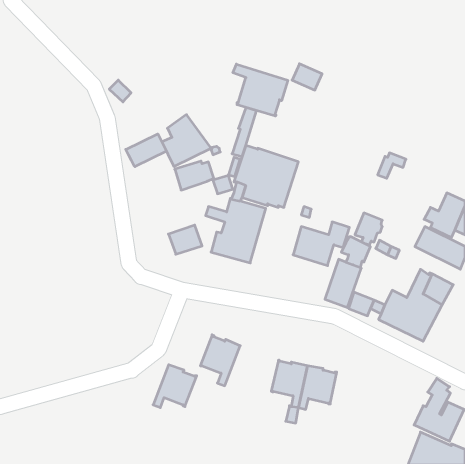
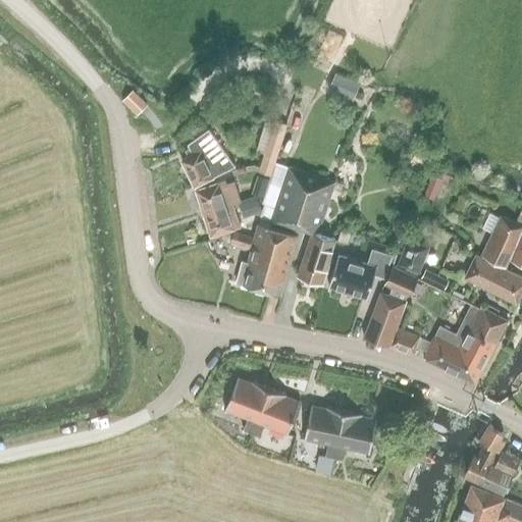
building: [233,64,288,116] -> none
building: [126,134,166,167] -> none
building: none -> [298,231,335,284]
building: [168,225,202,254] -> [203,204,241,237]
building: [153,365,197,408] -> [252,388,301,436]

